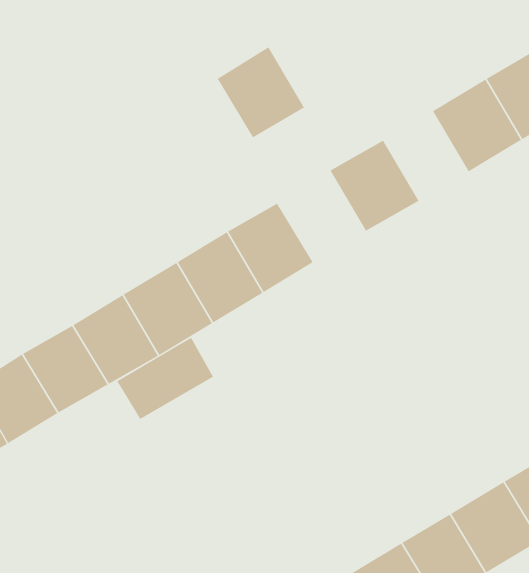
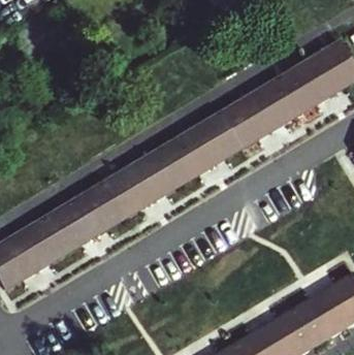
building: [217,46,305,138] -> [191,112,242,165]
building: none -> [252,78,300,130]
building: [116,337,214,420] -> none

